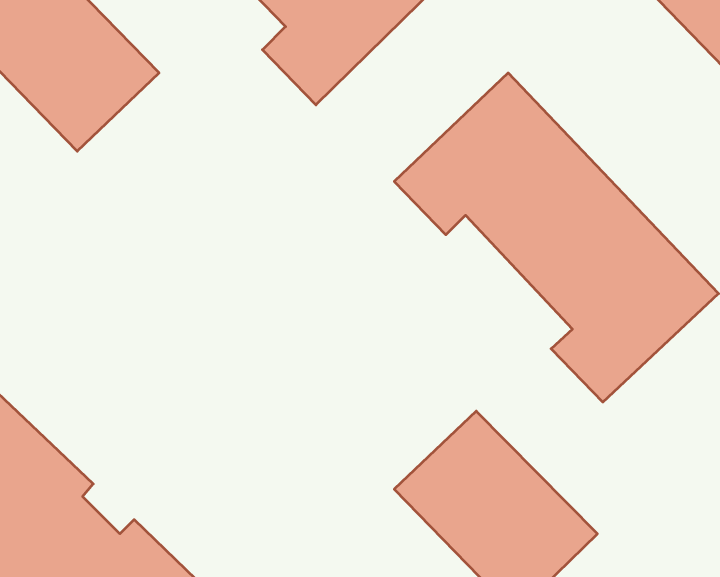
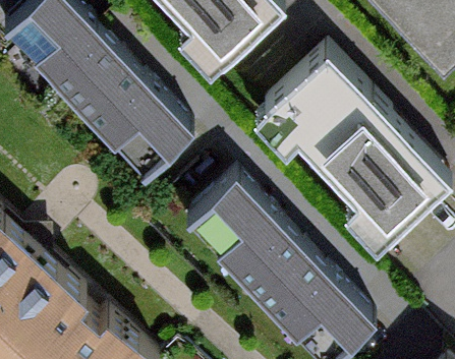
building: none -> [74,58,189,174]
building: none -> [186,180,302,296]

